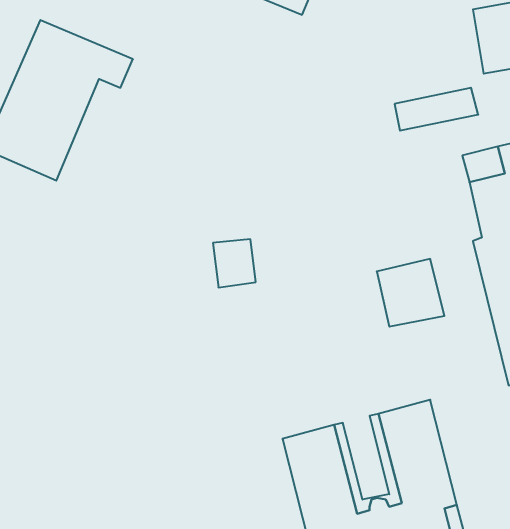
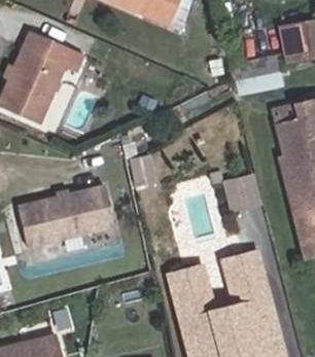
building: none -> [16,186,114,250]

